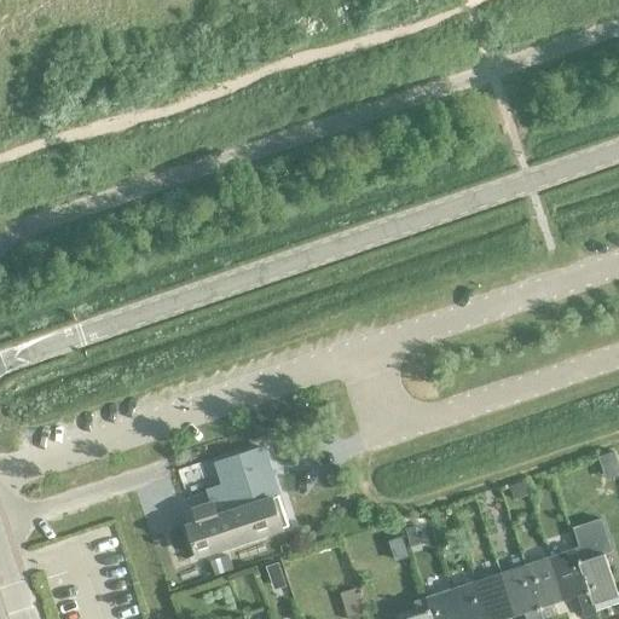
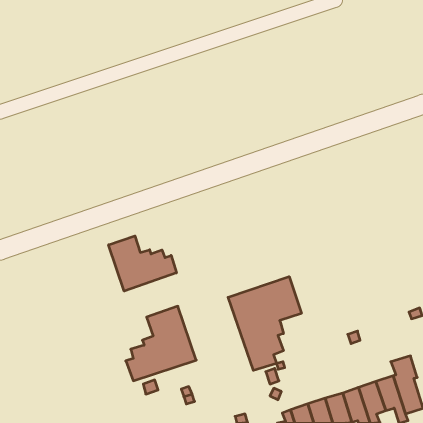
building: none -> [109,236,176,291]
building: none -> [228,277,301,370]

